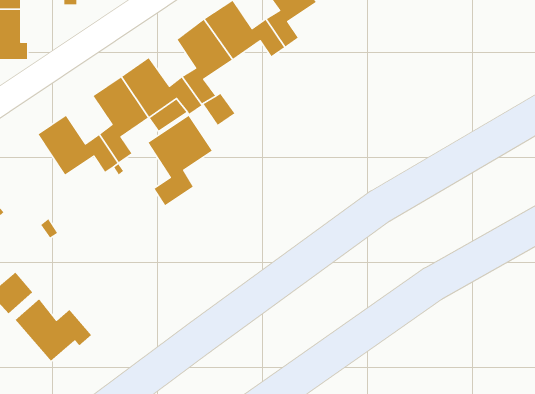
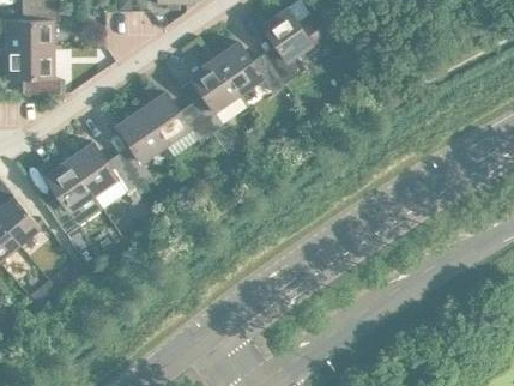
building: [148,115,213,206] -> none
building: none -> [43,158,92,234]
building: [14,298,92,362] -> none

